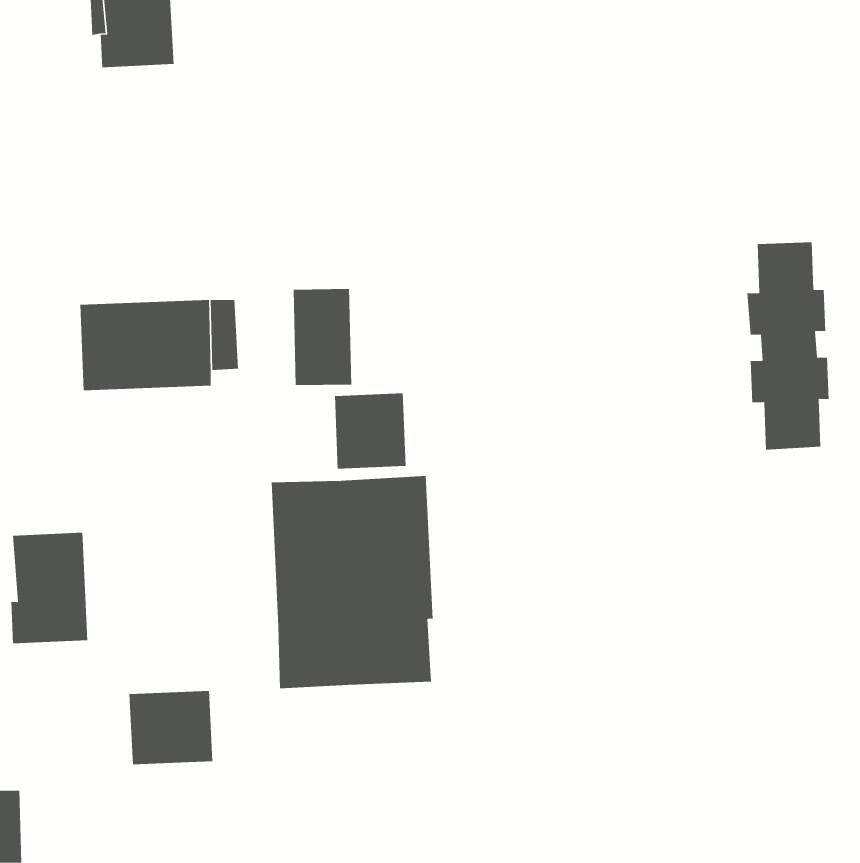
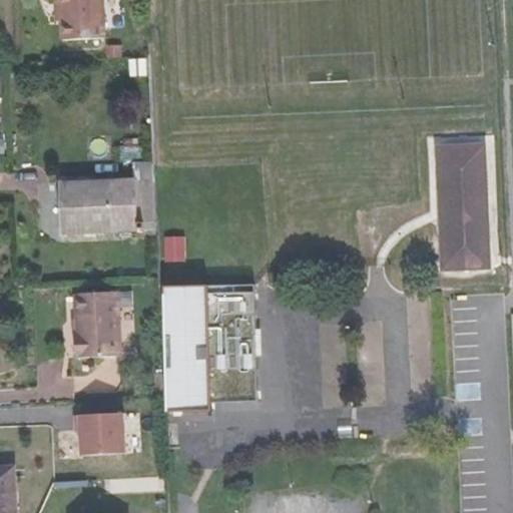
building: [293,288,352,386] -> none
building: [334,392,406,469] -> none
building: [10,532,88,644] -> [73,292,119,358]

